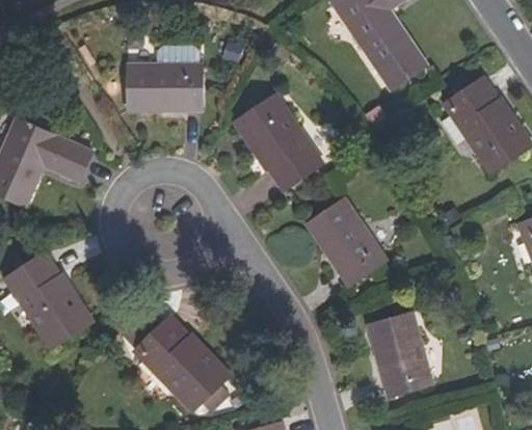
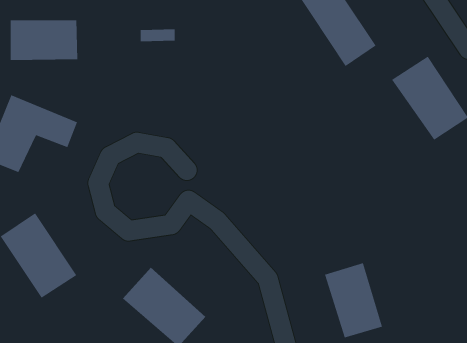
building: [127,64,204,110] -> [10,20,78,61]
building: [236,92,322,189] -> none
building: [307,196,389,285] -> none

